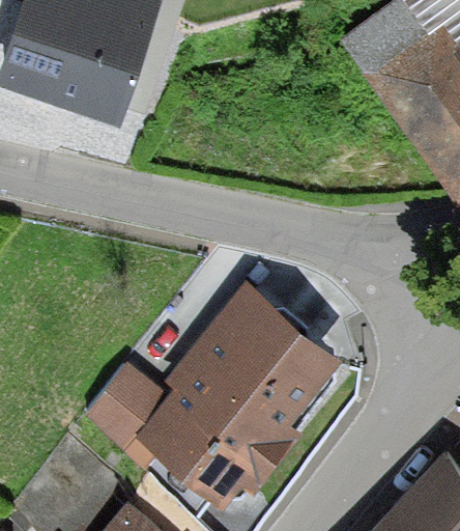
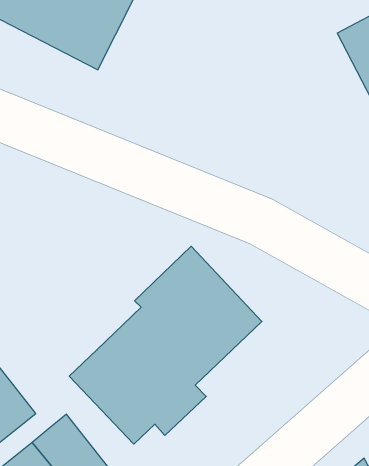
building: [80,364,168,450] -> none

